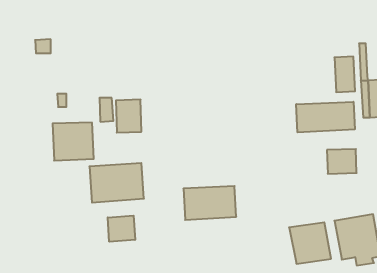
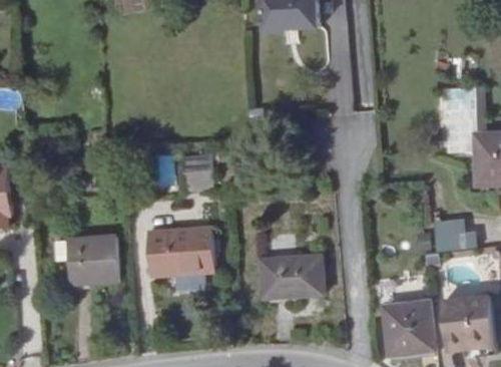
building: [296,102,355,132] -> none
building: [53,123,94,161] -> [67,238,117,284]
building: [108,216,135,242] -> none

